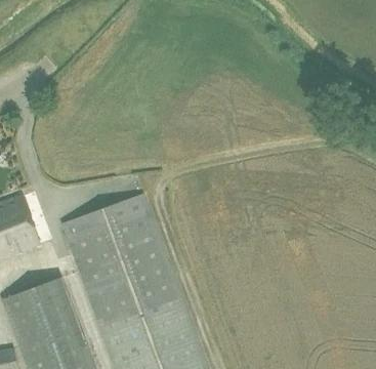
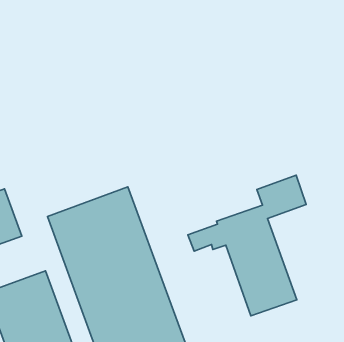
building: none -> [188,175,306,316]

